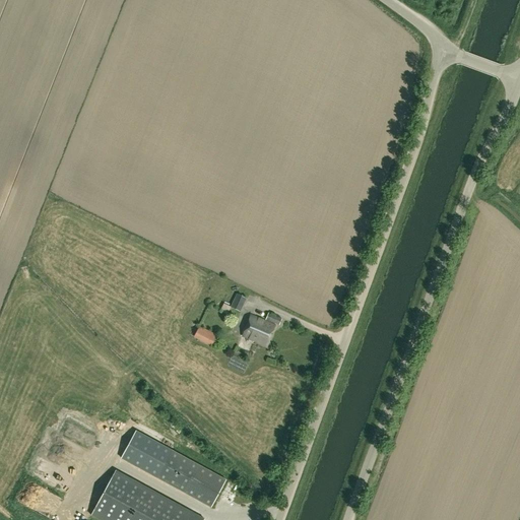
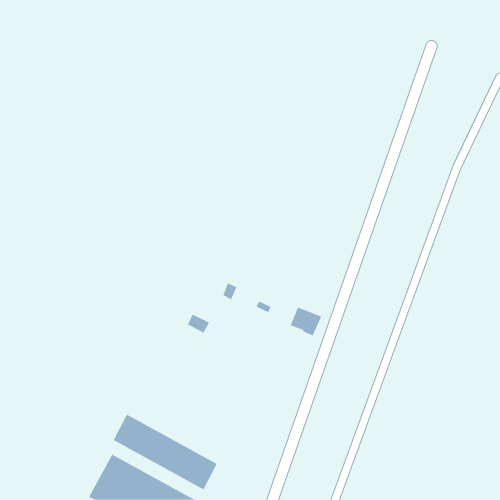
building: [243,315,276,345] -> [290,307,322,336]

